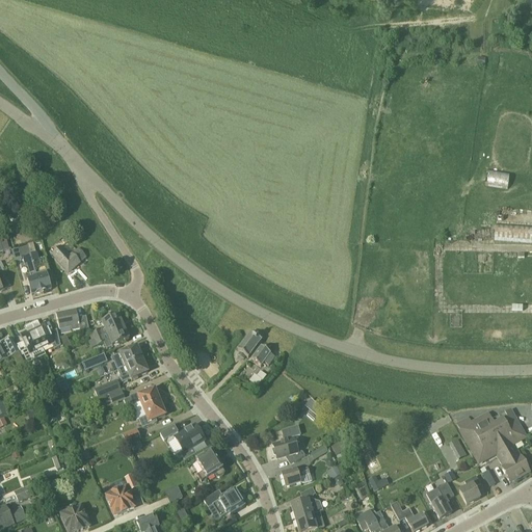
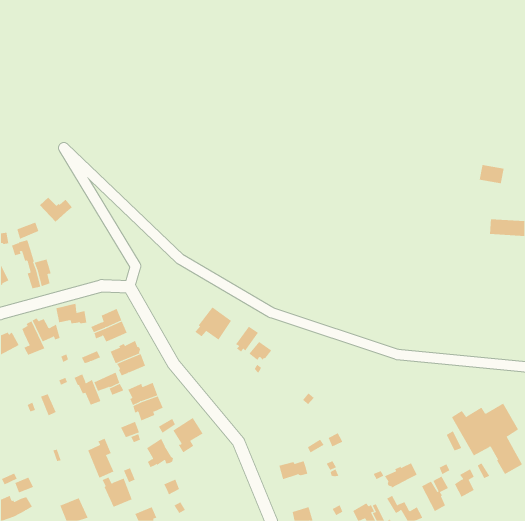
building: [52,244,86,270] -> [39,197,73,223]
building: none -> [195,307,232,341]
building: none -> [74,374,101,405]
building: [272,425,305,460] -> none
building: none -> [87,438,114,479]
building: [196,449,224,479] -> [146,438,174,468]
building: none -> [384,462,417,489]
building: [204,486,245,515] -> none
building: [291,497,322,517] -> none

